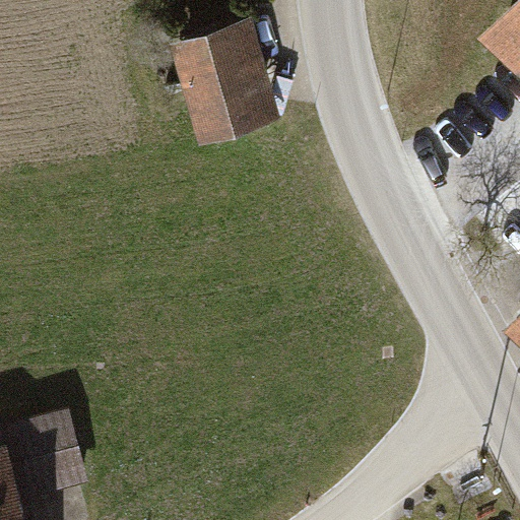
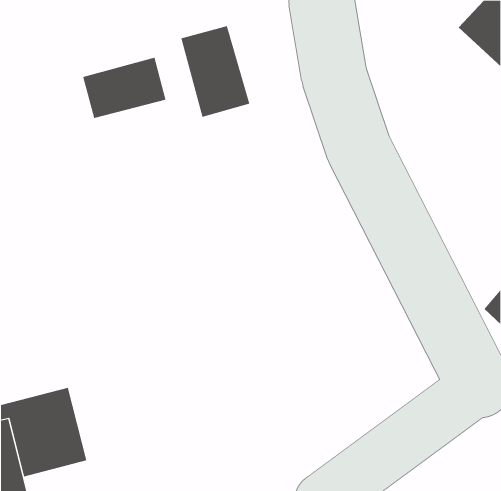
building: none -> [82,57,166,119]

